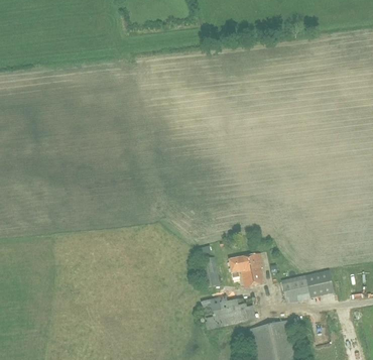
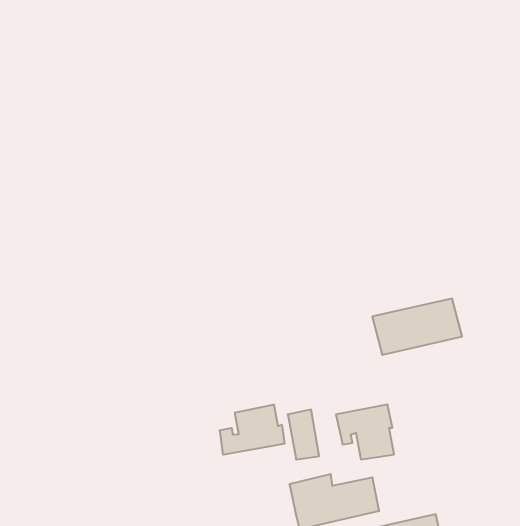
building: none -> [220,404,285,455]
building: [280,268,335,303] -> [372,298,462,355]

